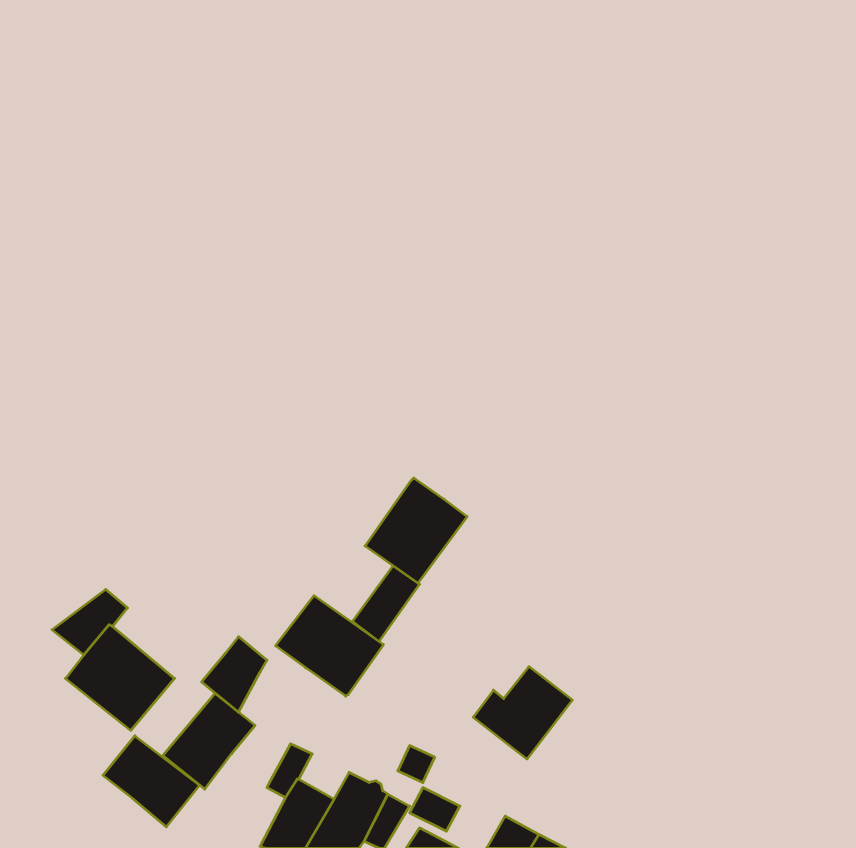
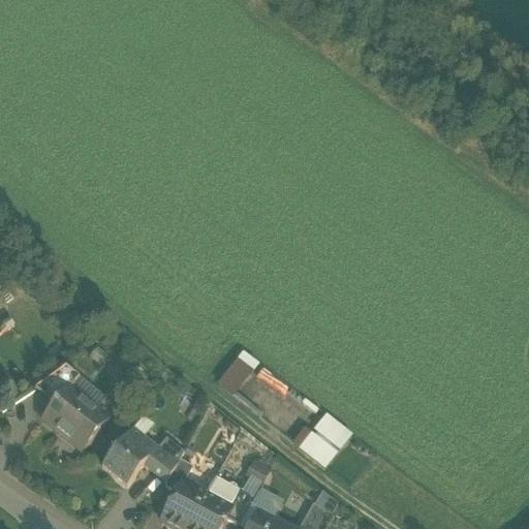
building: [365,478,467,583] -> none
building: [276,596,383,696] -> none
building: [202,637,267,712] -> [143,436,183,483]
building: [103,736,200,827] -> none

